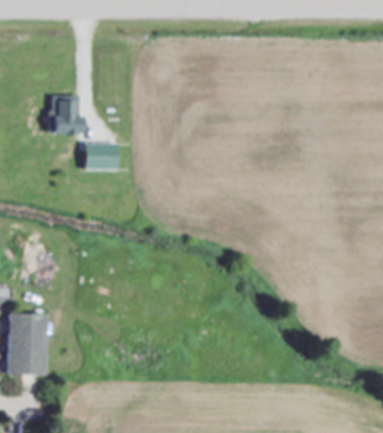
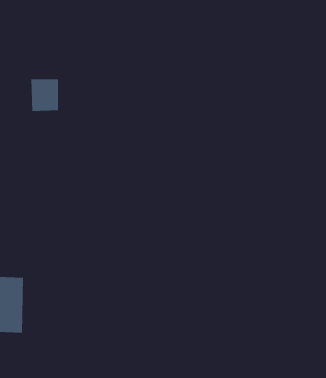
building: [85,142,119,170] -> none

